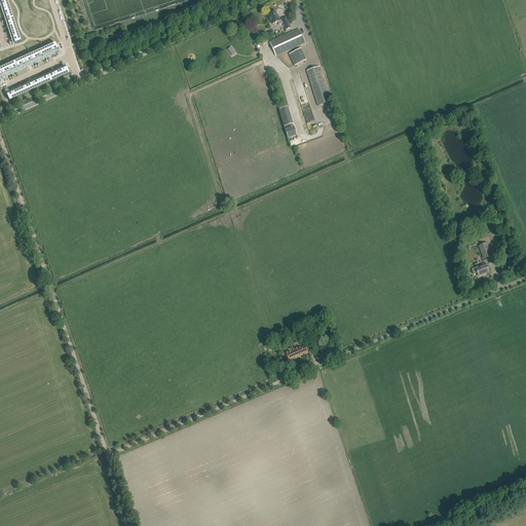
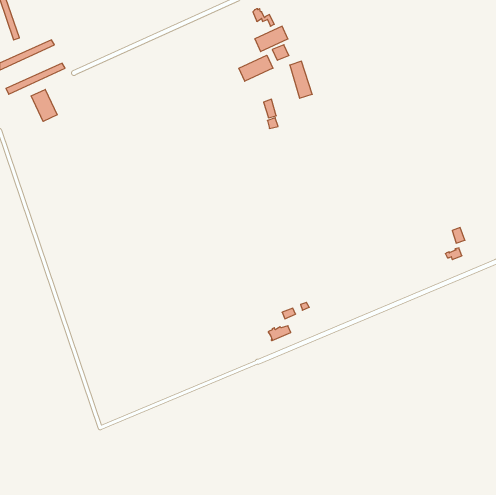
building: none -> [239,55,273,81]
building: none -> [31,89,57,121]

